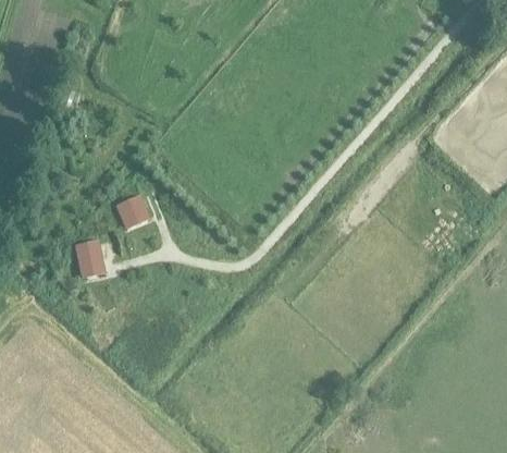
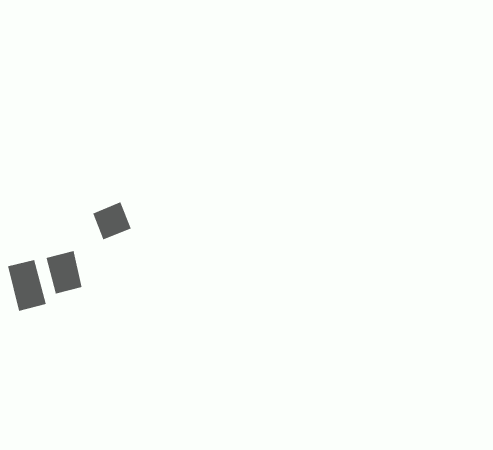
building: none -> [7,259,47,312]

